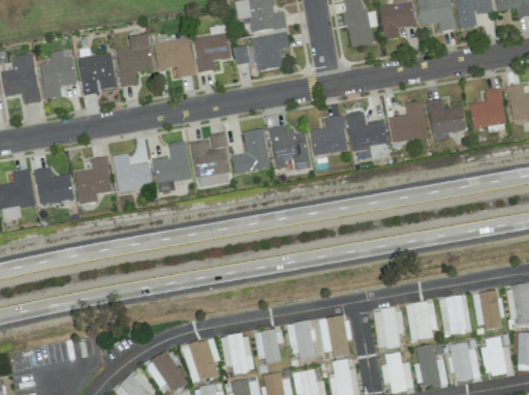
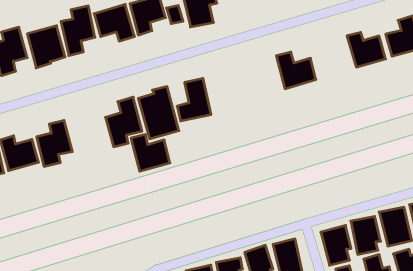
building: [388,99,428,143] -> none
building: [310,115,348,156] -> none
building: [270,125,310,170] -> none
building: [113,153,152,192] -> [131,135,170,171]

